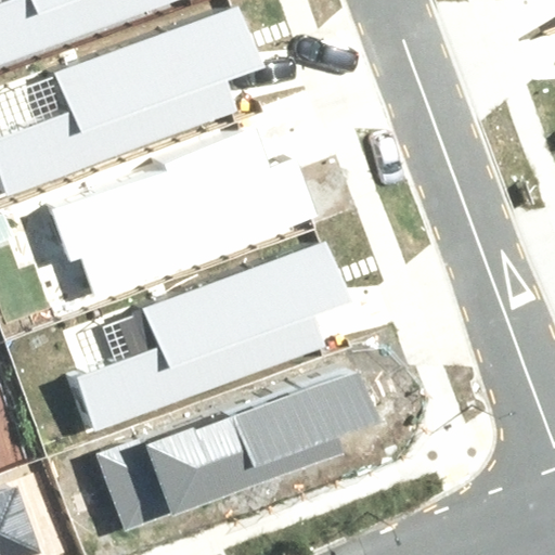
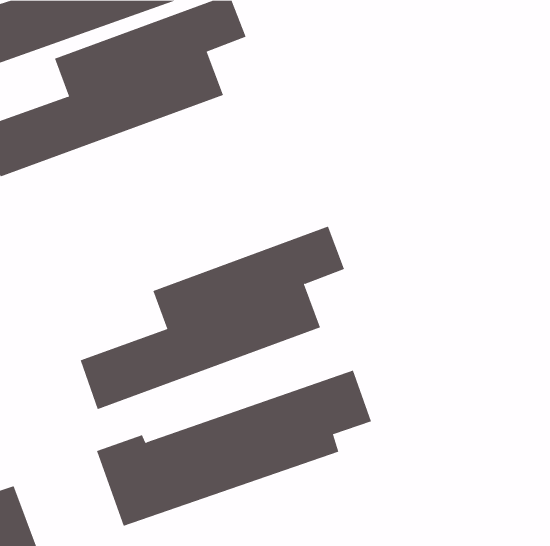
building: [53,141,317,299] -> none

